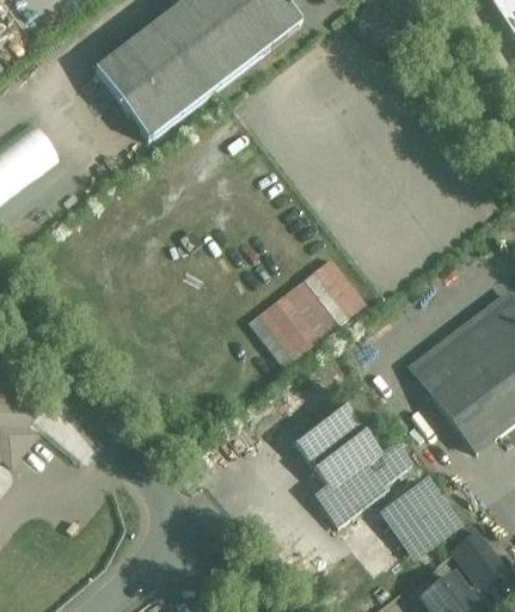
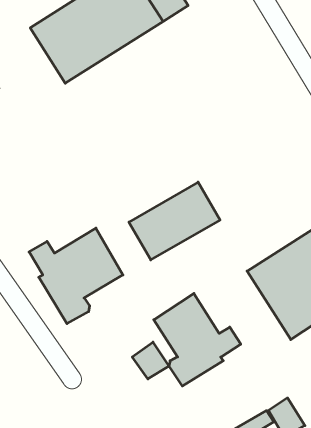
building: none -> [29,228,123,324]
building: none -> [132,342,169,379]
building: [382,481,461,559] -> none

